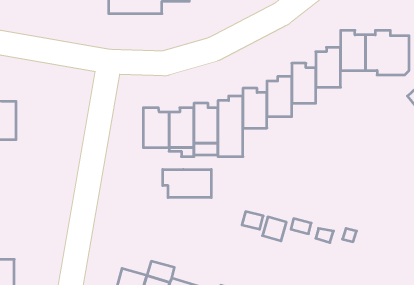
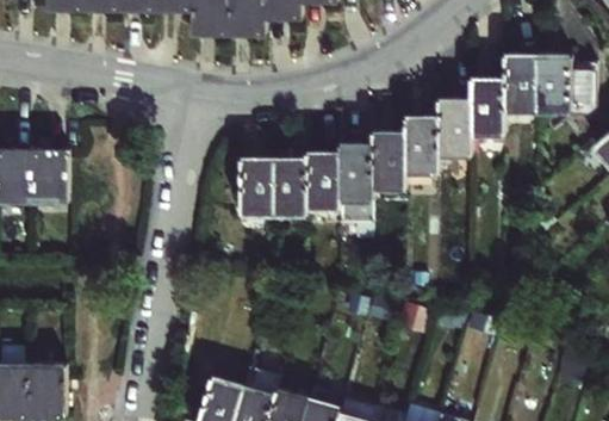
building: [163,169,211,198] -> none

